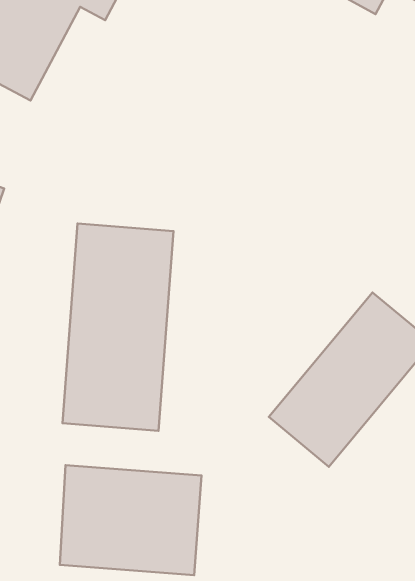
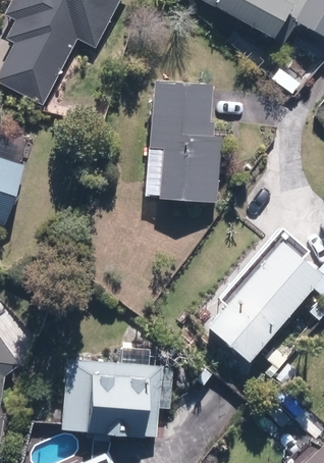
building: none -> [146,76,223,202]
building: [62,224,173,431] -> none

